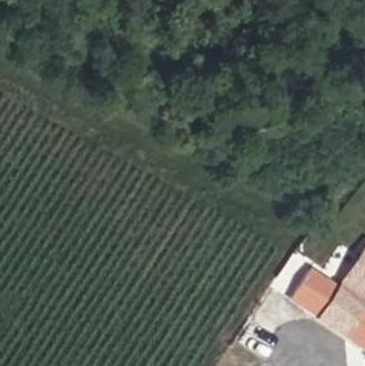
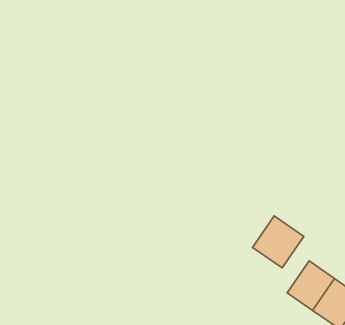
building: none -> [253,216,304,268]

